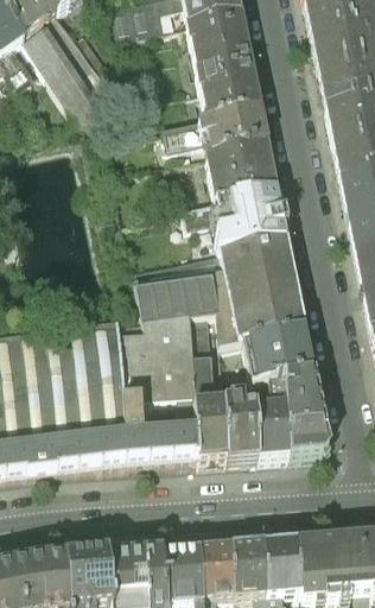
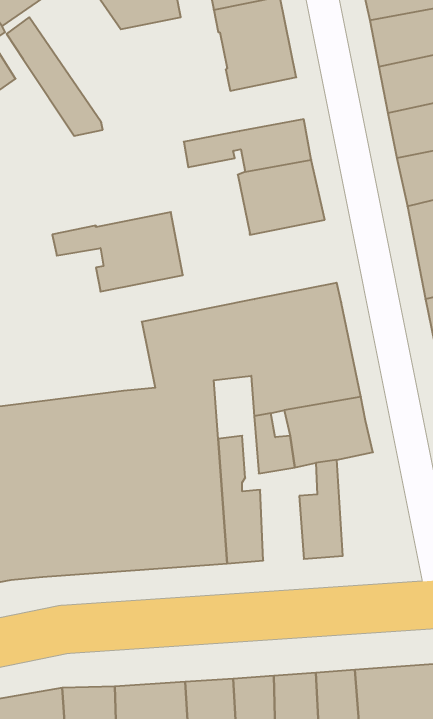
building: [201,70,259,113] -> none
building: [182,183,285,246] -> [52,212,183,292]
building: [188,308,210,356] -> none
building: [285,367,328,449] -> none
building: [224,395,259,452] -> none

